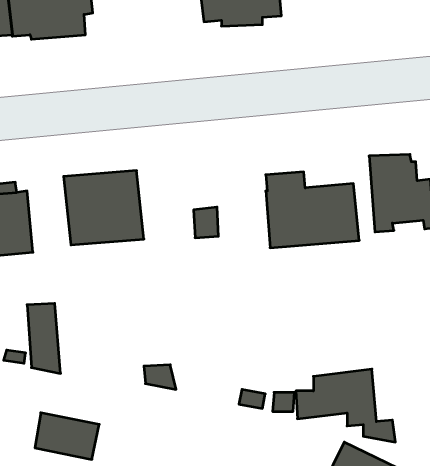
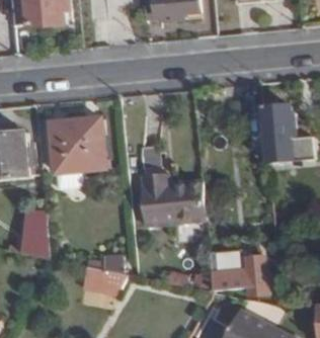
building: [266,172,359,248] -> [140,171,205,224]
building: [35,413,99,459] -> [85,265,130,298]

